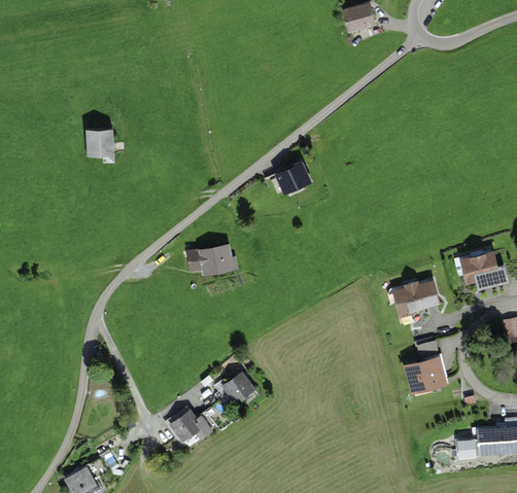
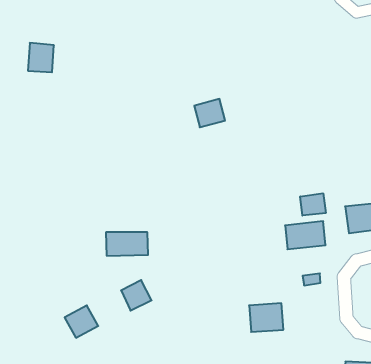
building: [185,245,235,277] -> [106,232,148,256]
building: none -> [300,193,326,216]
building: [406,358,447,394] -> [249,303,283,332]

